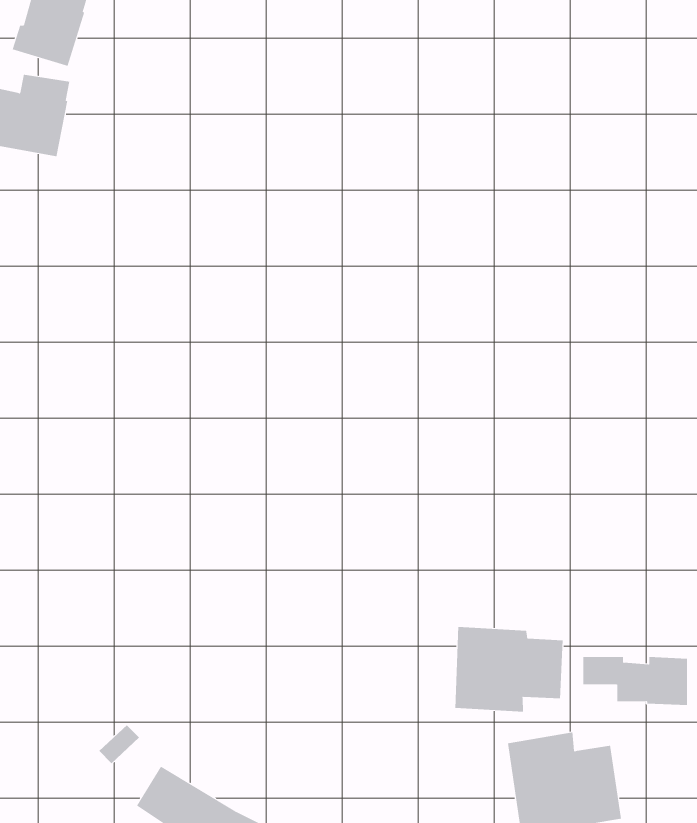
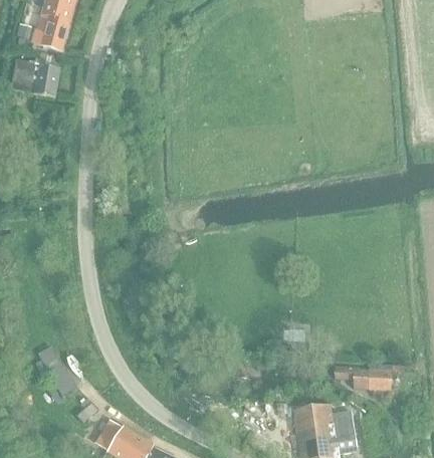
building: none -> [36,344,76,394]
building: [455,626,563,712] -> none

